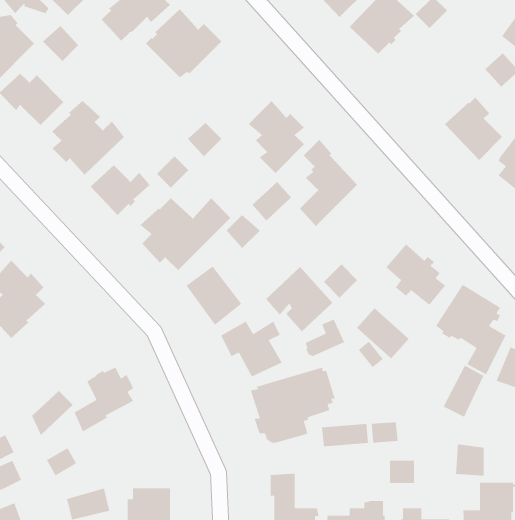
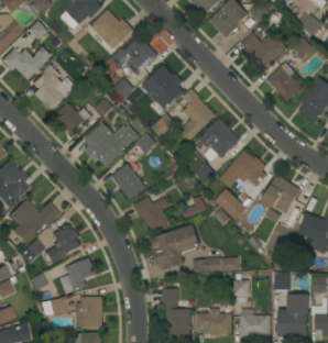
building: none -> [241,32,286,70]
building: none -> [112,34,158,76]
building: [265,266,333,332] -> [199,119,240,158]
building: none -> [9,199,61,244]
building: none -> [65,257,96,290]

